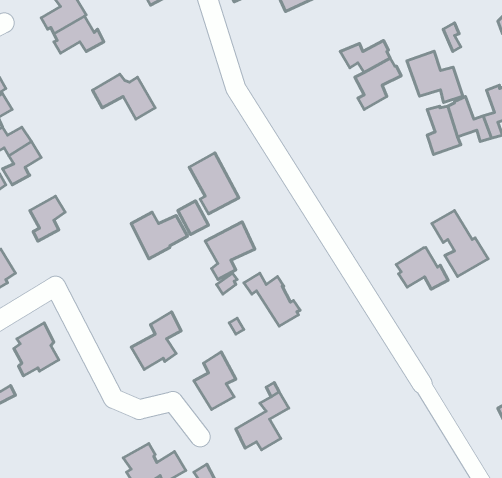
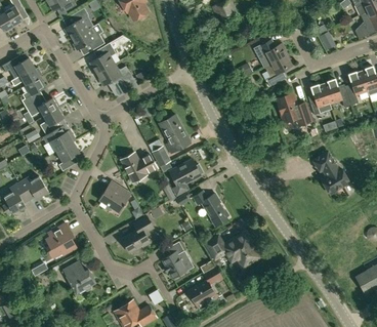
building: none -> [89,38,122,75]
building: [407,51,463,103] -> [275,93,310,126]
building: none -> [42,124,75,152]
building: [396,247,448,289] -> none
building: none -> [99,187,130,212]
building: none -> [205,233,260,270]
building: none -> [62,261,95,294]

